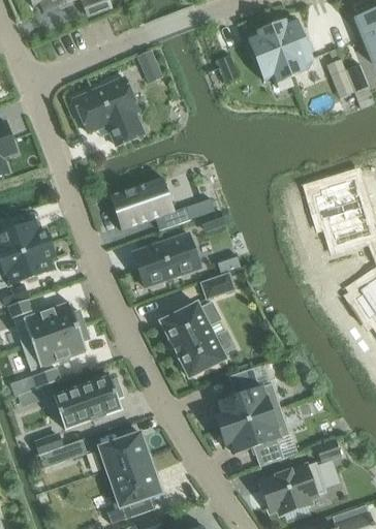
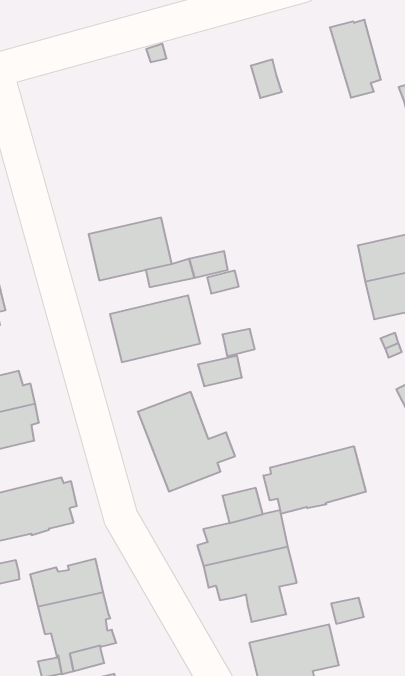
building: [248,26,291,83] -> none
building: [73,76,143,145] -> none
building: none -> [263,446,366,514]

